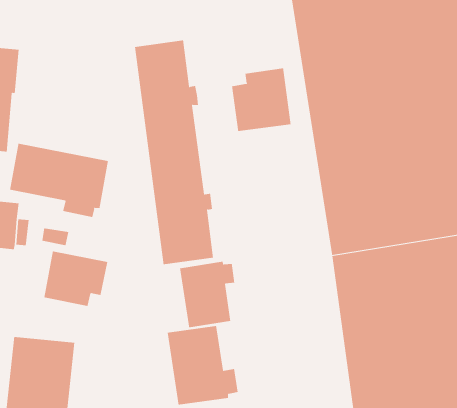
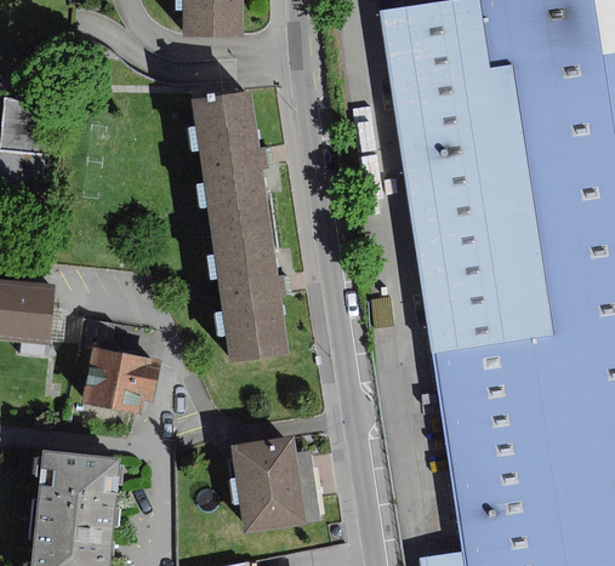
building: [231,68,291,132] -> none
building: [9,143,108,218] -> none
building: [180,261,235,328] -> none

